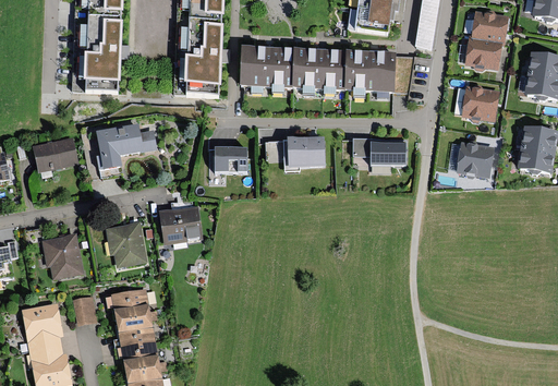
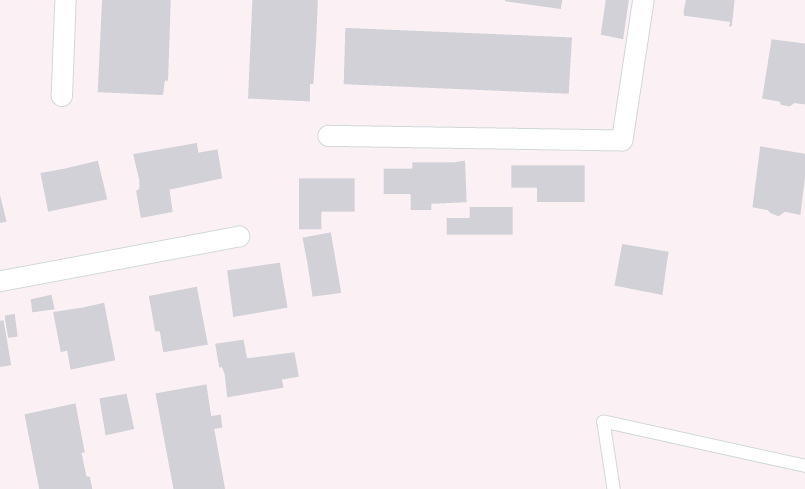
building: [464,34,502,70] -> none
building: [461,85,499,121] -> none
building: [456,141,494,177] -> [614,243,669,296]
building: none -> [446,206,514,236]
building: none -> [302,231,342,298]
building: none -> [214,339,300,398]

